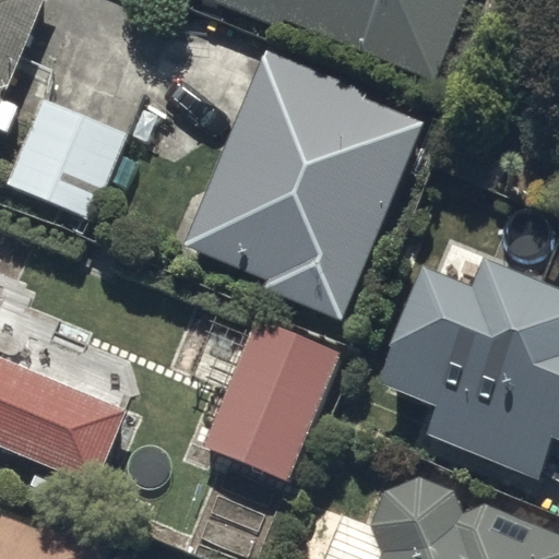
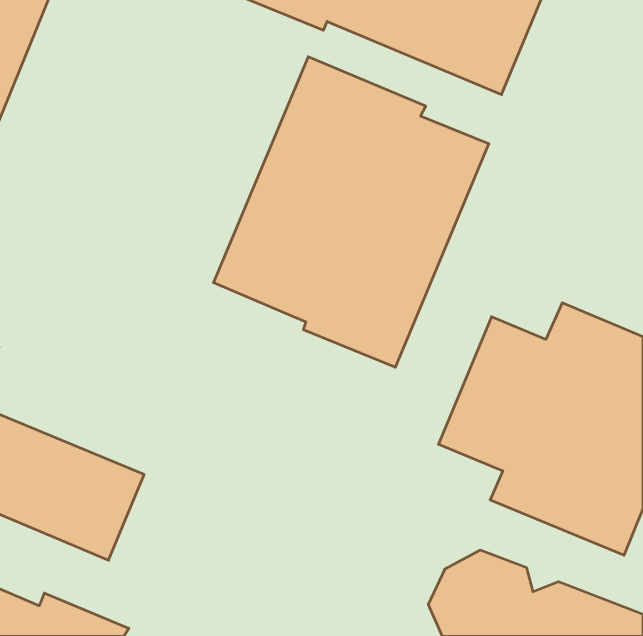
building: [4,94,127,217] -> none
building: [202,318,340,481] -> none

